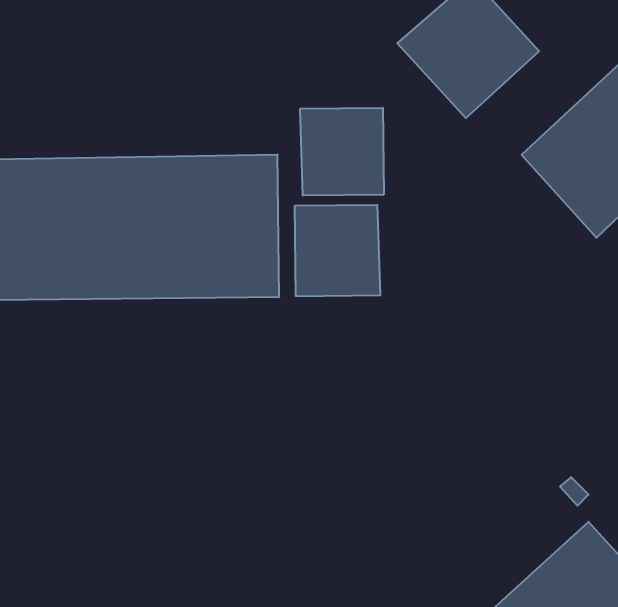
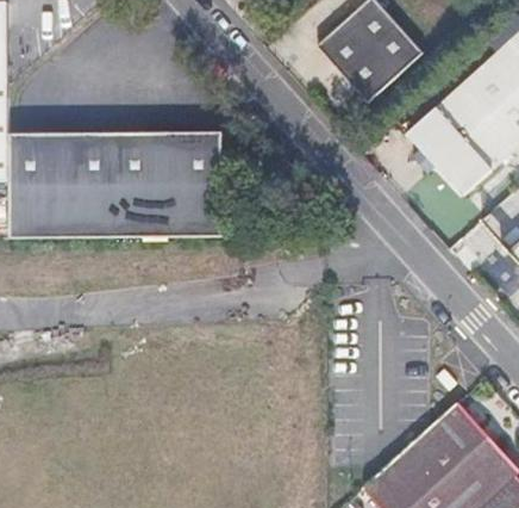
building: [300,108,384,196] -> none
building: [295,205,380,296] -> none

